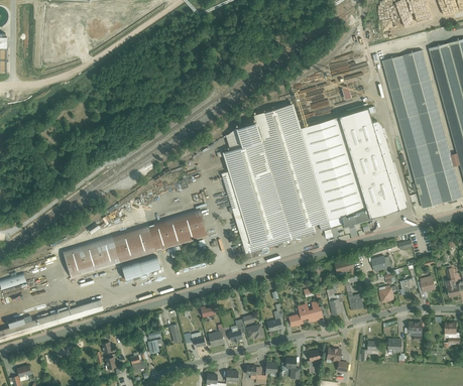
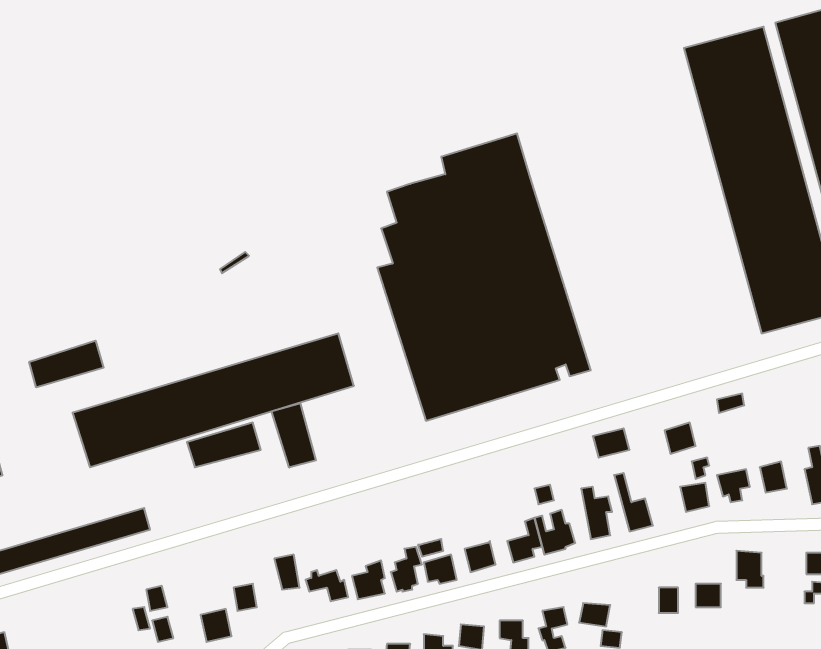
building: [302,107,408,228] -> none
building: none -> [29,341,104,387]
building: none -> [272,403,316,468]

